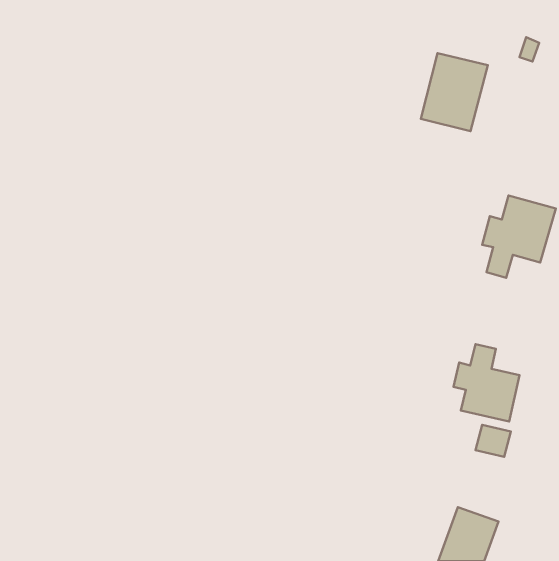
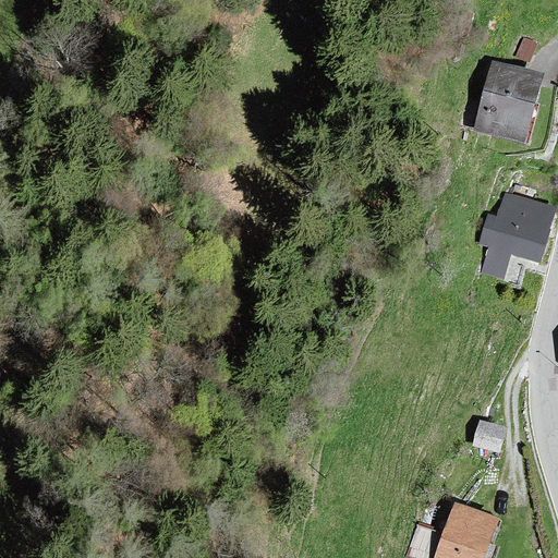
building: [421,53,488,131] -> [475,64,542,142]
building: [453,344,519,421] -> none

